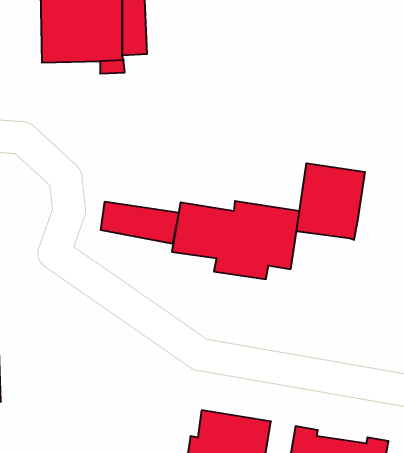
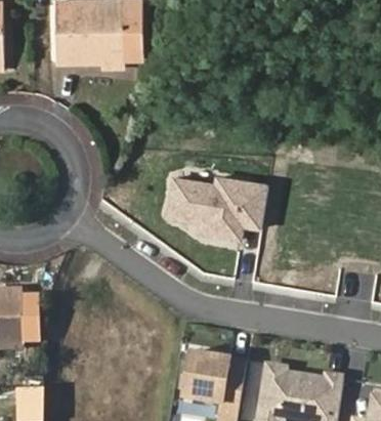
building: [296,163,365,240] -> none
building: [101,202,179,244] -> none

